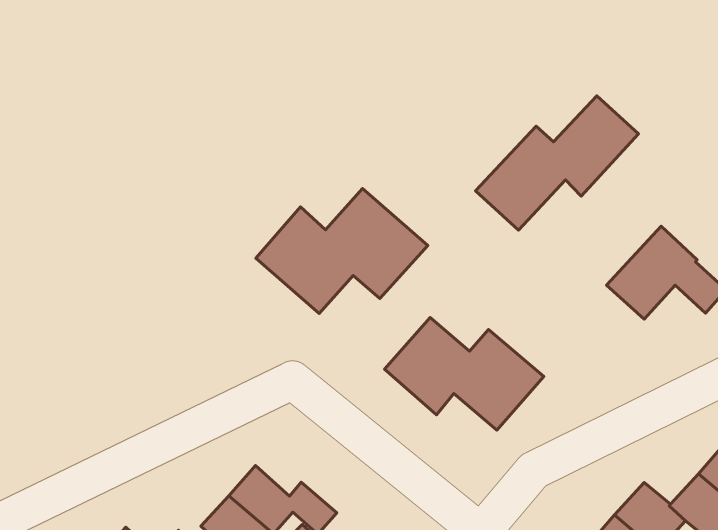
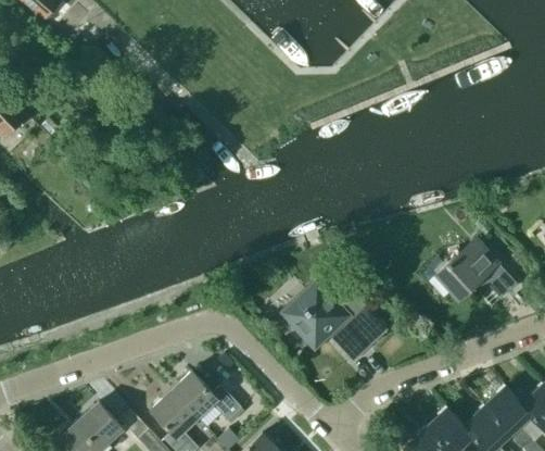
building: [475,96,638,230] -> none
building: [256,188,428,313] -> none

